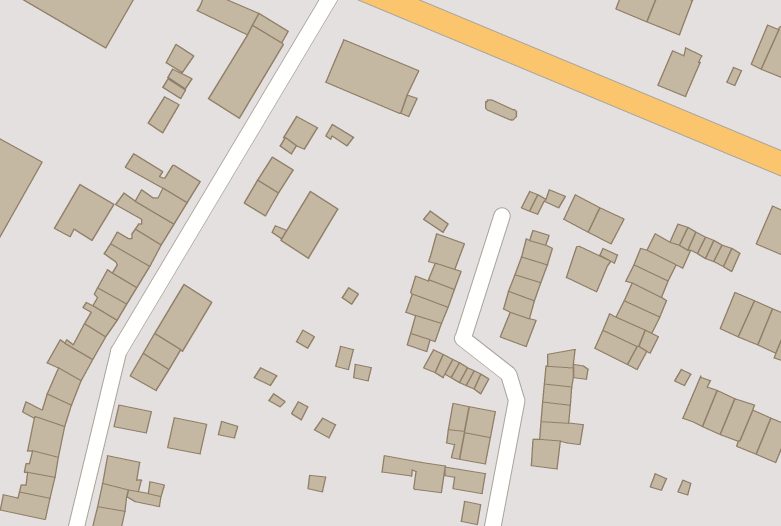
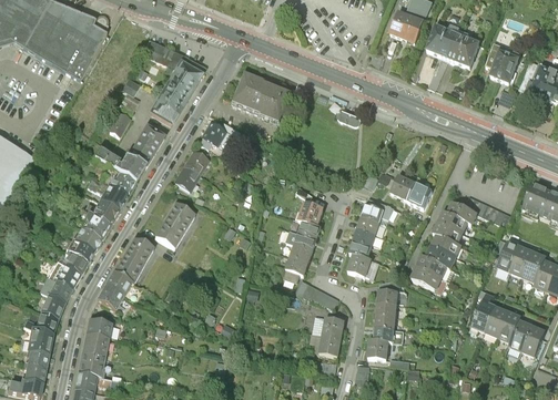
building: [658,48,702,97] -> [490,48,520,81]
building: none -> [126,123,163,165]
building: [55,184,114,240] -> none
building: [281,191,338,258] -> [154,202,193,247]
building: [566,246,611,292] -> none
building: [168,418,207,454] -> [81,331,108,356]
building: [382,456,445,493] -> none

